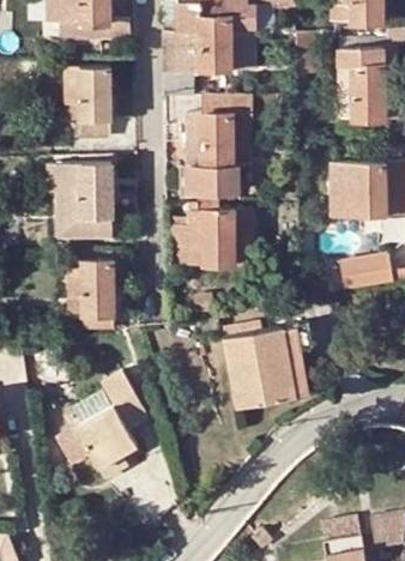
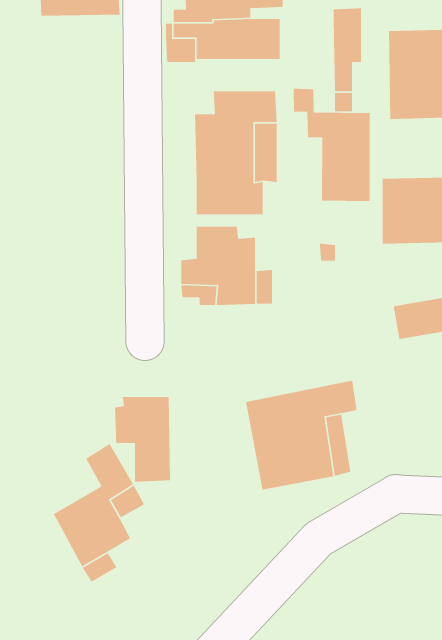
building: [65,67,108,138] -> none
building: none -> [293,88,371,202]
building: [66,164,110,235] -> none
building: [67,261,111,328] -> [114,396,171,482]

